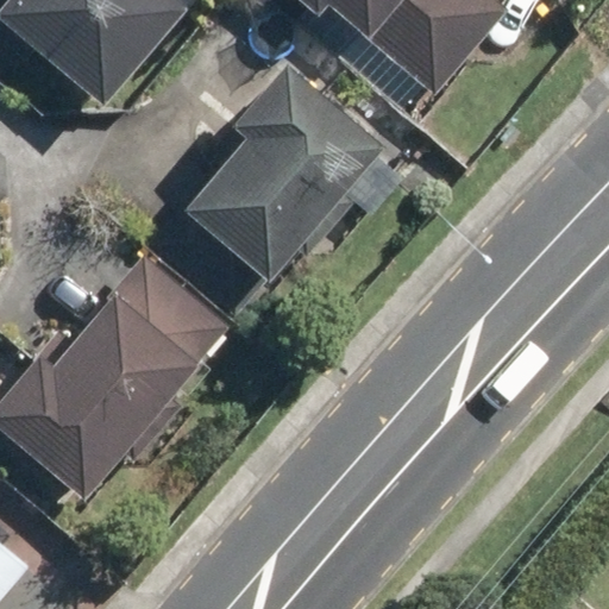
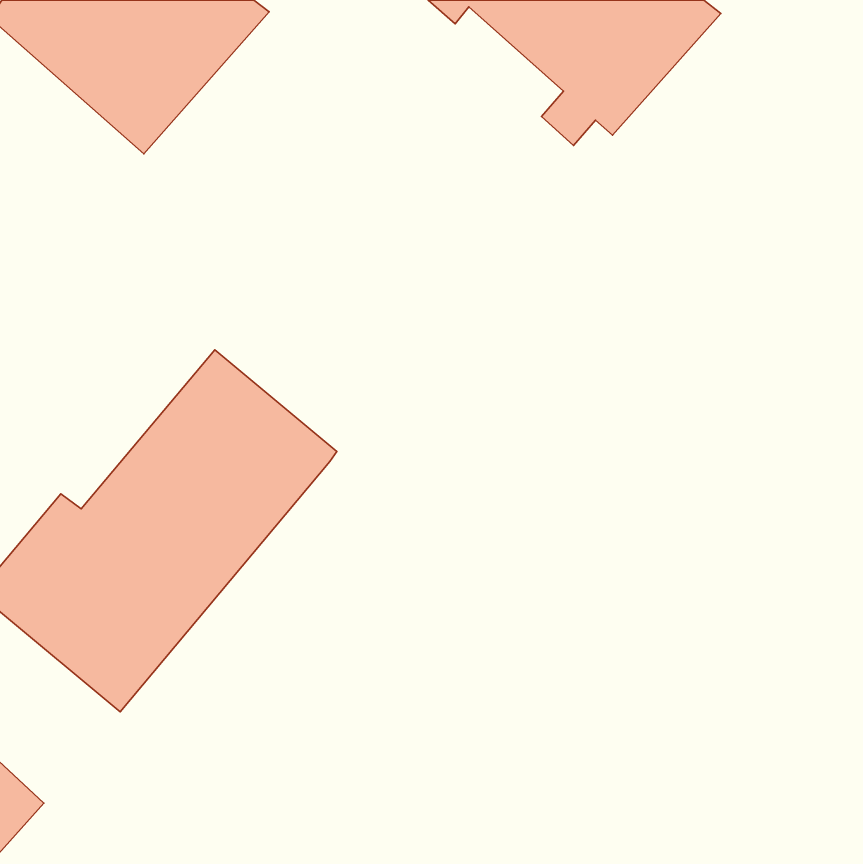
building: [183,61,389,282] -> none

